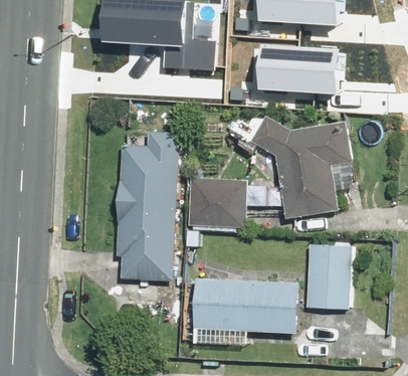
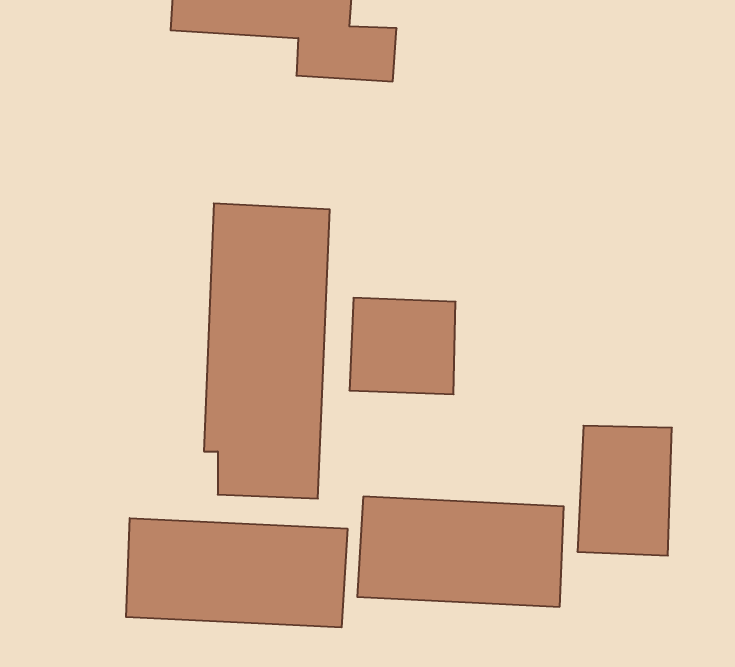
building: [257,44,338,90] -> none
building: [251,117,353,219] -> none
building: none -> [126,518,347,627]

